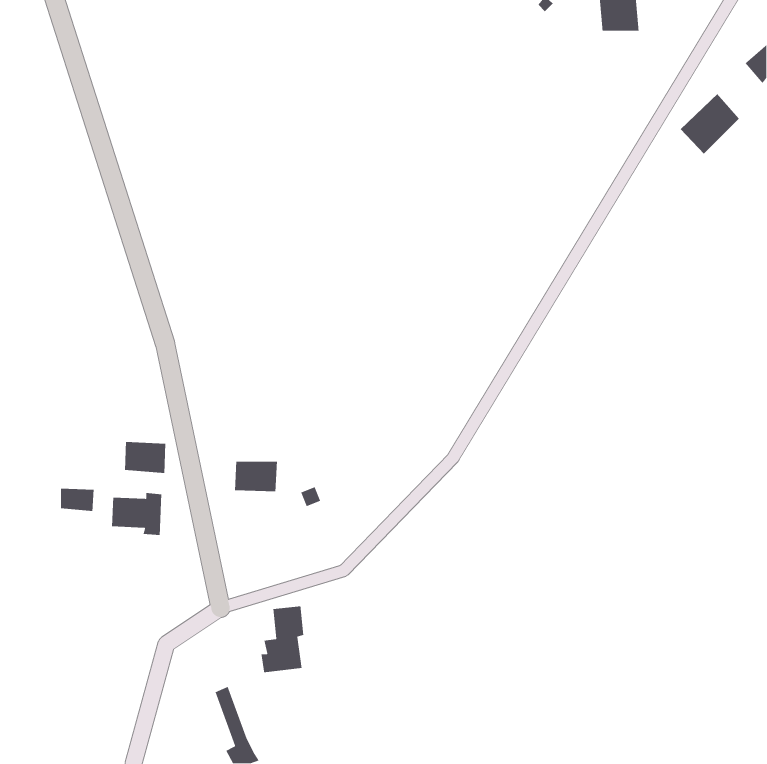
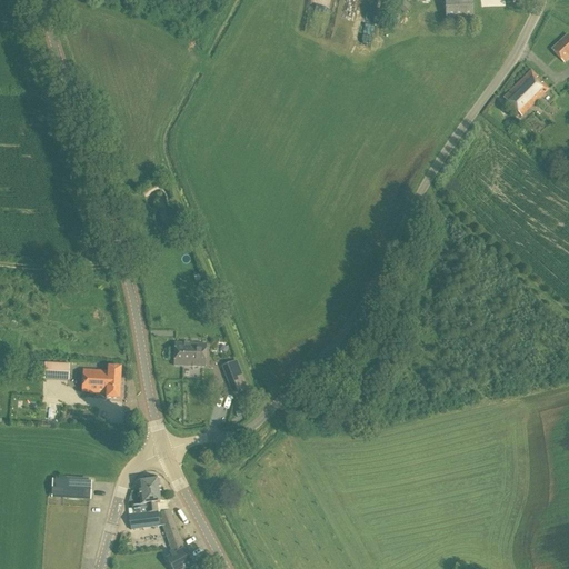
building: [124,441,166,474] -> none
building: [261,606,304,673] -> [129,477,161,527]
building: none -> [51,478,91,498]

